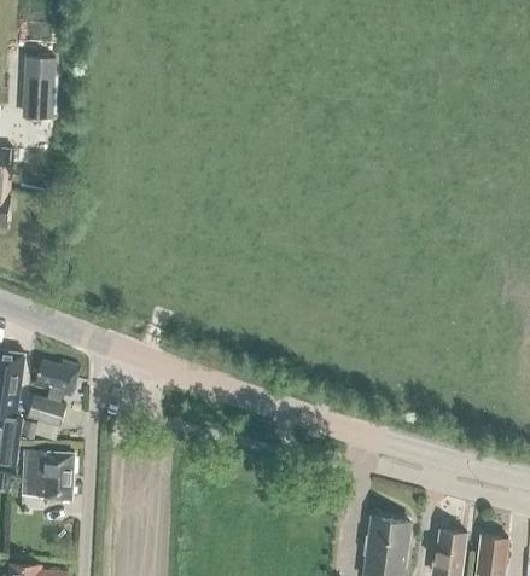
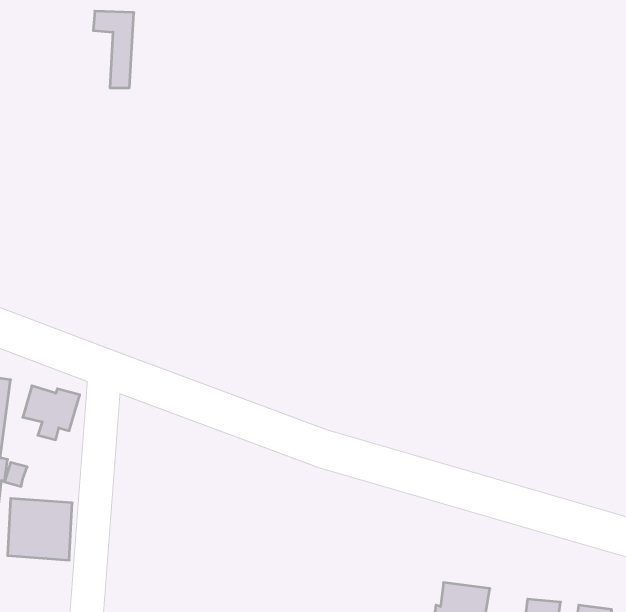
building: [23,56,56,117] -> [93,11,134,88]
building: [27,395,65,426] -> none

